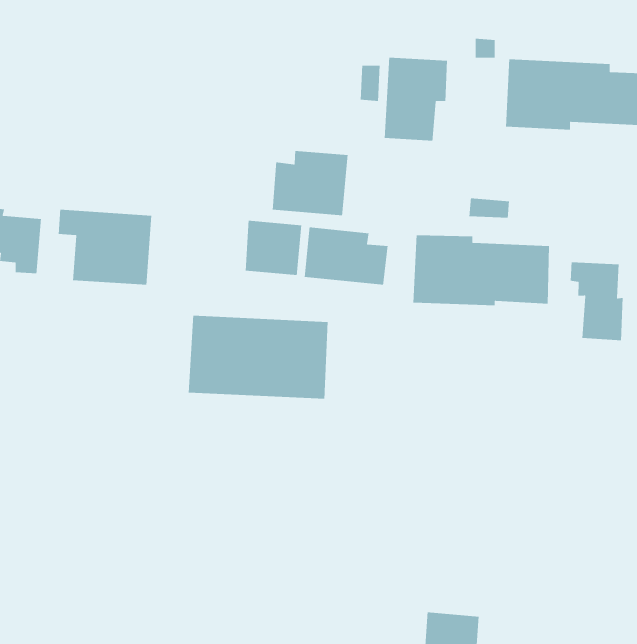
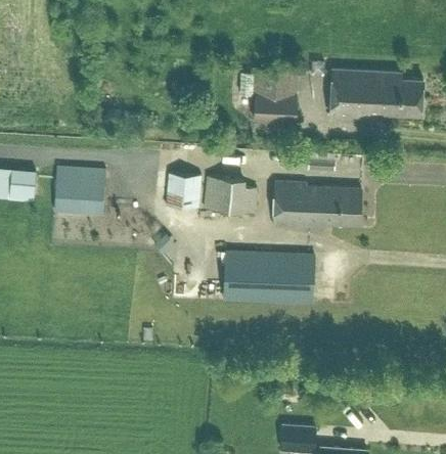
building: [272,150,349,216] -> none
building: [570,261,624,341] -> none
building: [188,315,328,400] -> [224,252,314,306]

